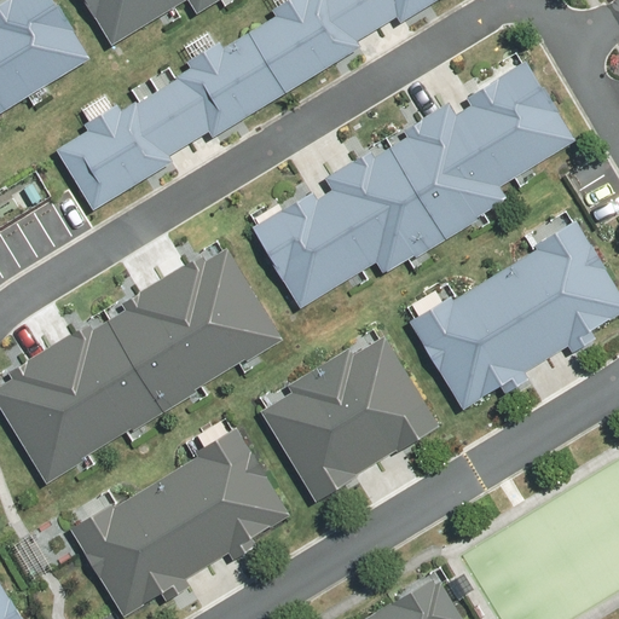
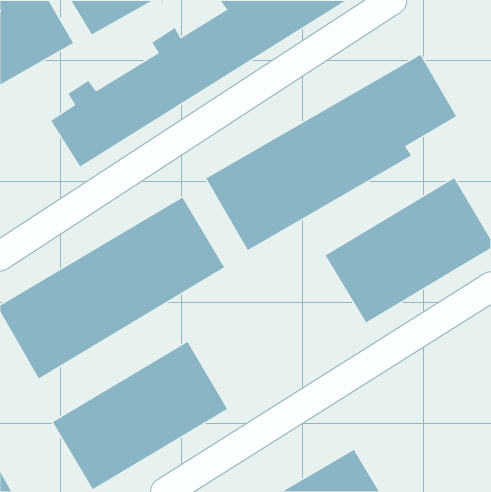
building: [255,335,435,501] -> none

